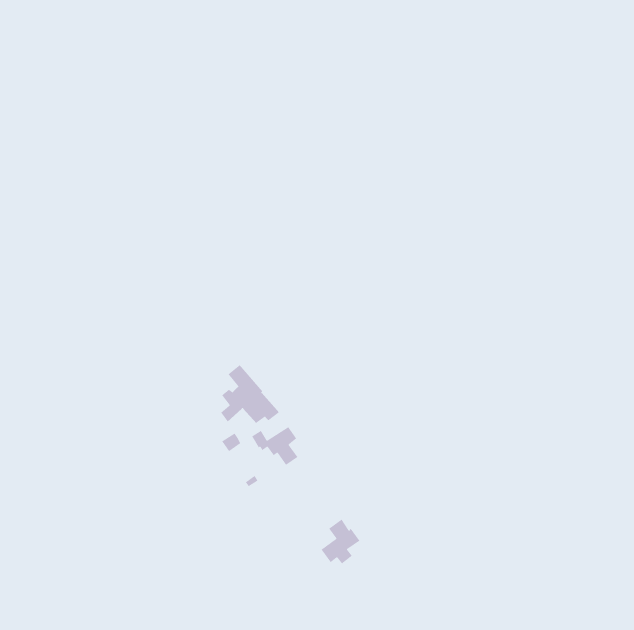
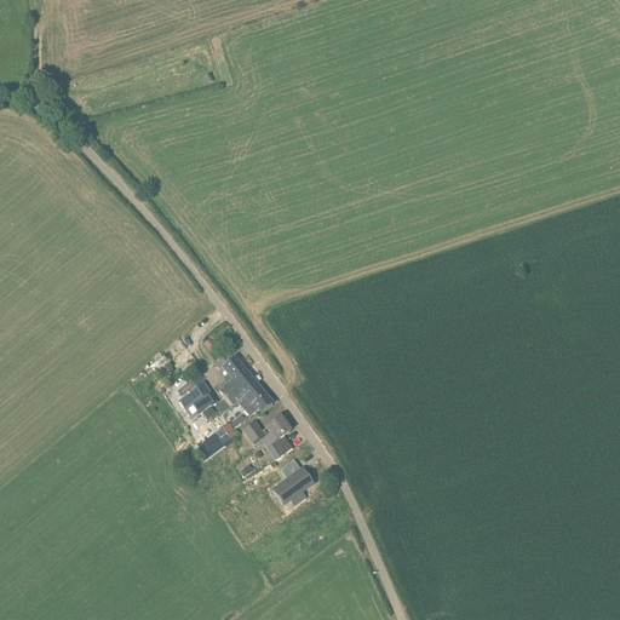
building: none -> [179,381,214,417]
building: [321,519,360,565] -> [272,458,311,503]

